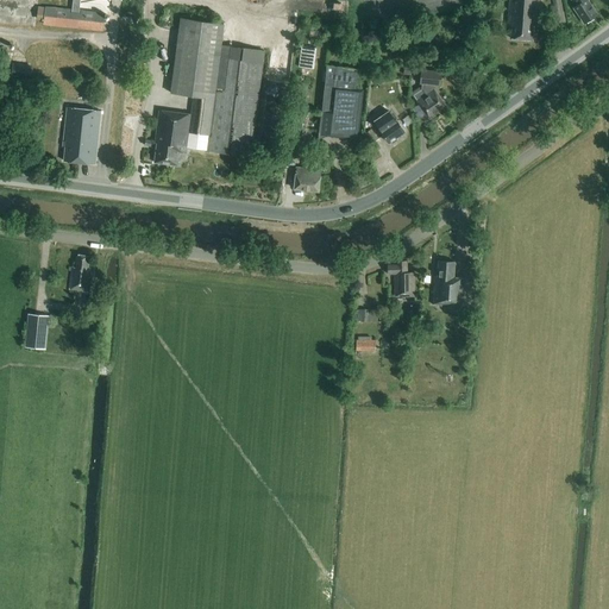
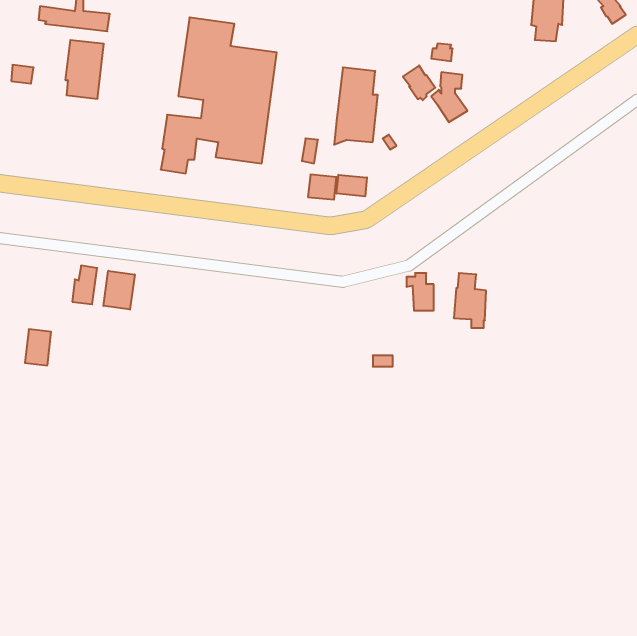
building: [63,107,100,163] -> [65,40,104,99]
building: [373,109,404,143] -> [403,65,435,100]
building: none -> [337,175,367,196]
building: none -> [103,271,135,310]

